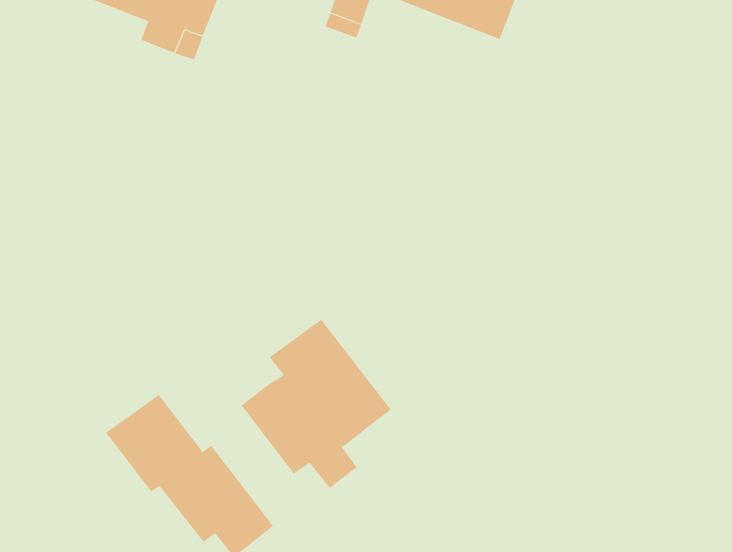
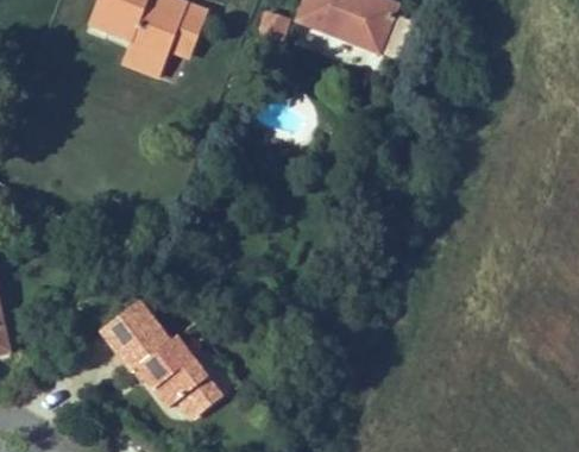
building: [241,319,391,489] -> none

